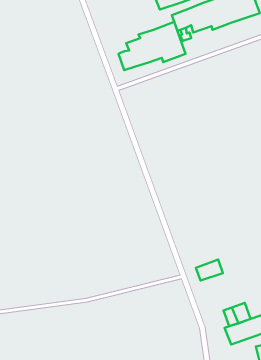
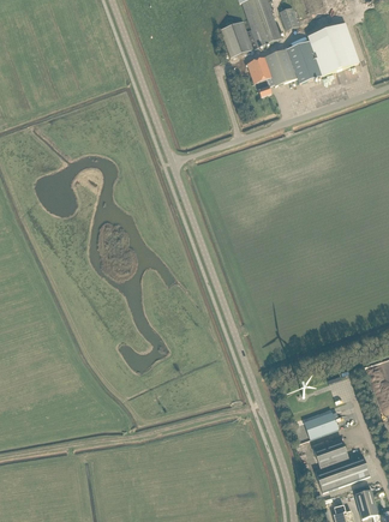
building: [118,22,185,70] -> none
building: [196,259,223,281] -> [303,410,337,438]

